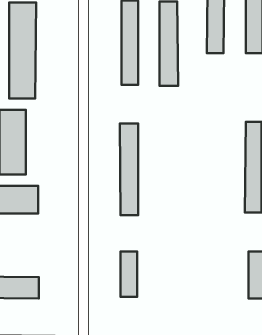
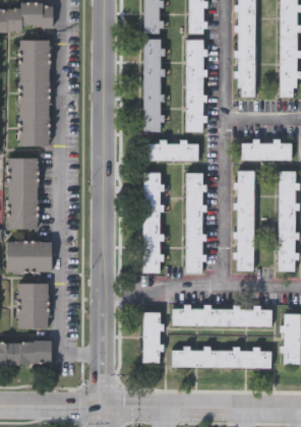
building: none -> [240,140,291,160]
building: none -> [145,141,197,161]
building: none -> [234,170,254,270]
building: none -> [184,172,203,273]
building: none -> [18,284,48,329]
building: none -> [171,306,270,327]
building: none -> [171,348,270,369]

